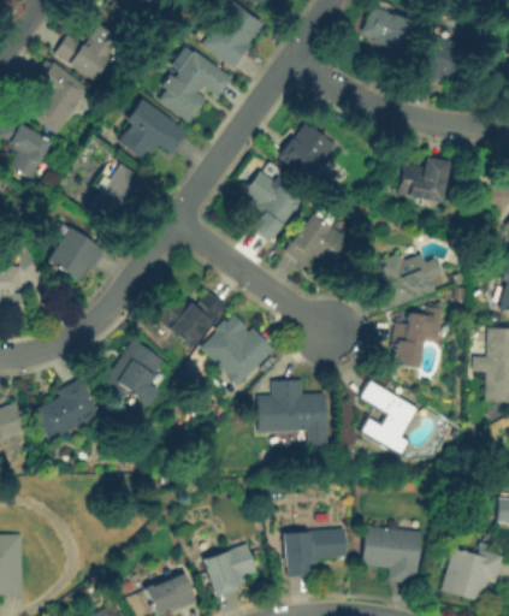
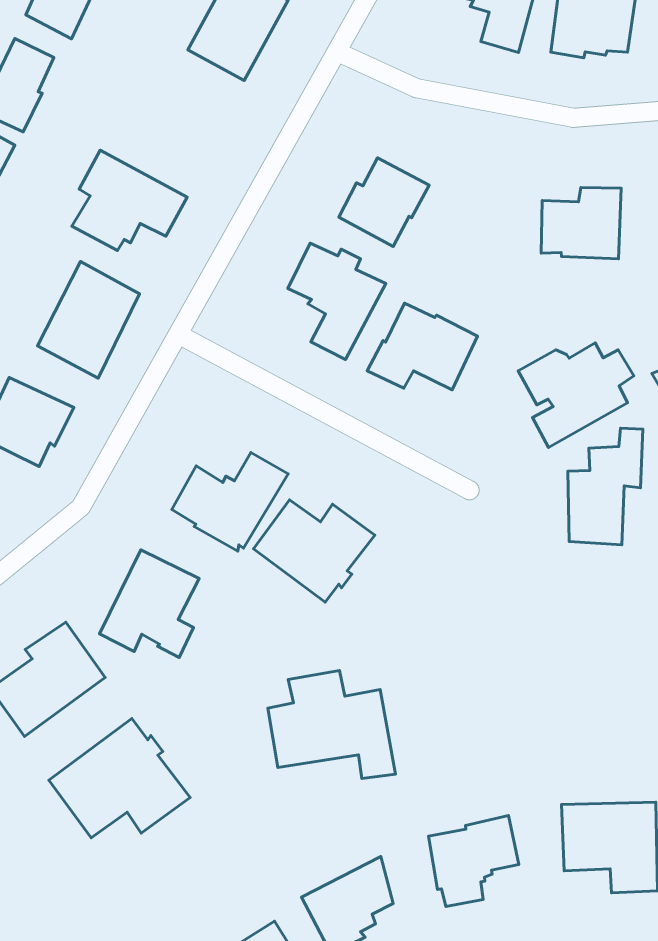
building: [158,49,232,123] -> none
building: [357,377,420,457] -> none
building: [256,379,327,445] -> [268,671,395,779]
building: none -> [49,719,190,838]

